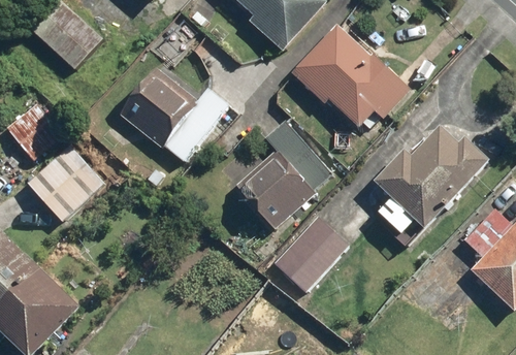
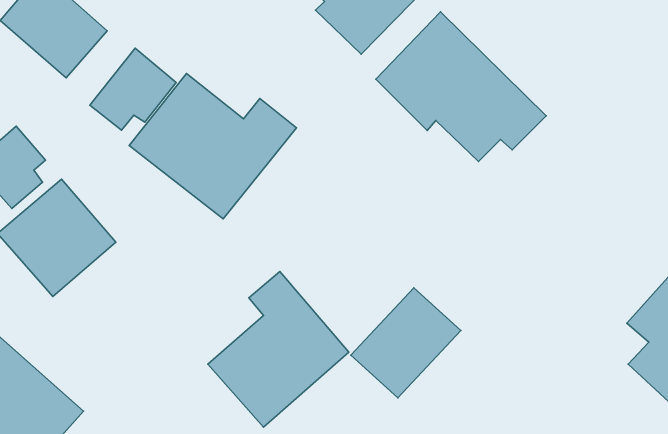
building: none -> [90,48,176,130]
building: [234,119,333,228] -> [208,272,349,427]
building: [375,125,486,238] -> none

